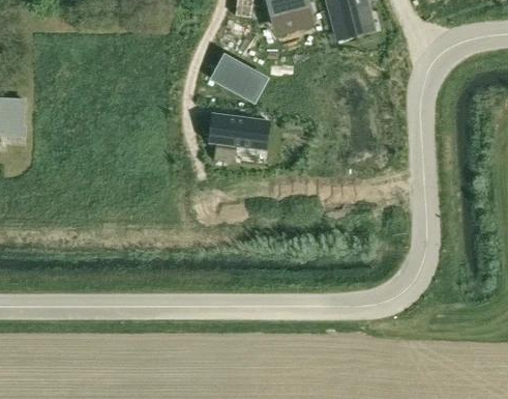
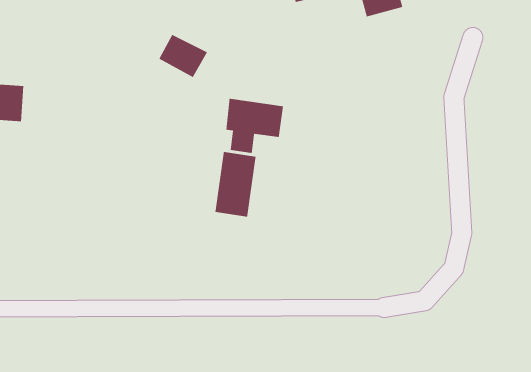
building: [213,56,259,96] -> [158,34,208,78]
building: none -> [215,151,256,217]

